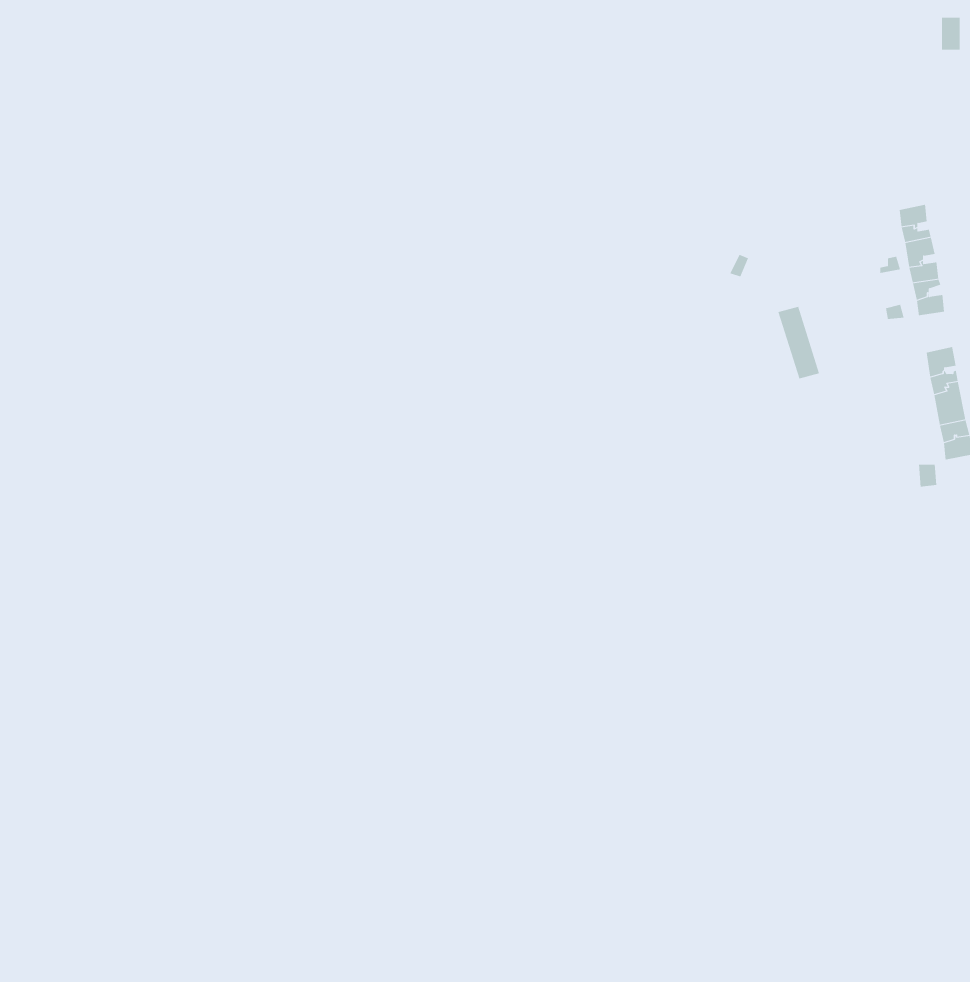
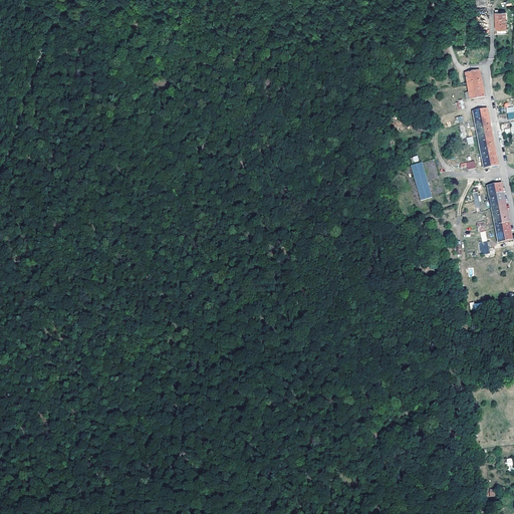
building: none -> [468,69,487,98]

